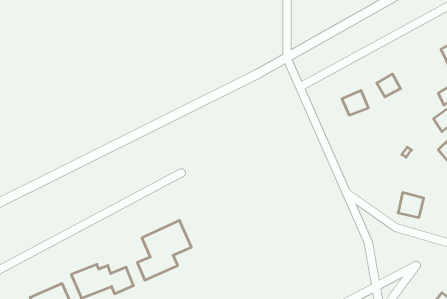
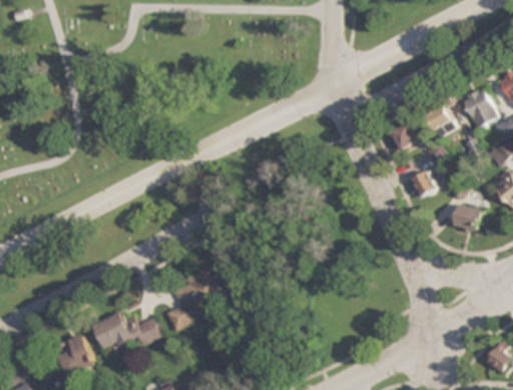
building: none -> [460,87,496,127]
building: none -> [405,169,436,199]
building: [398,193,424,217] -> [453,203,481,230]

